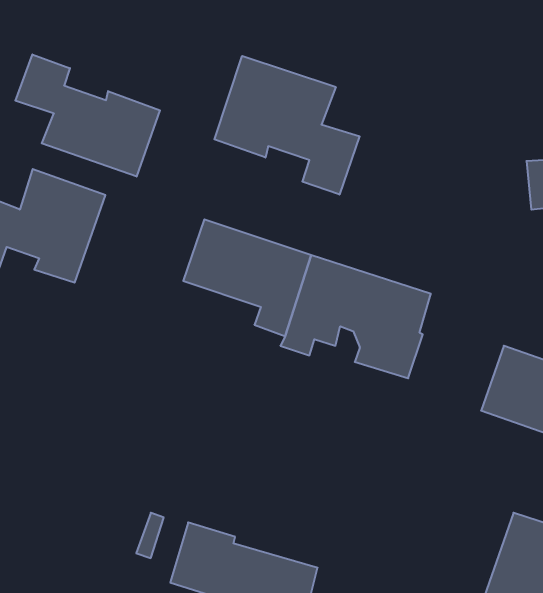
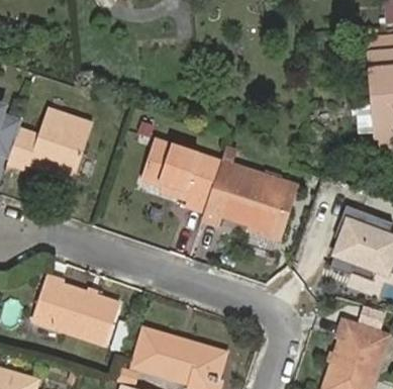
building: [15,54,160,177] -> none
building: [214,56,360,195] -> none
building: none -> [31,277,119,346]

